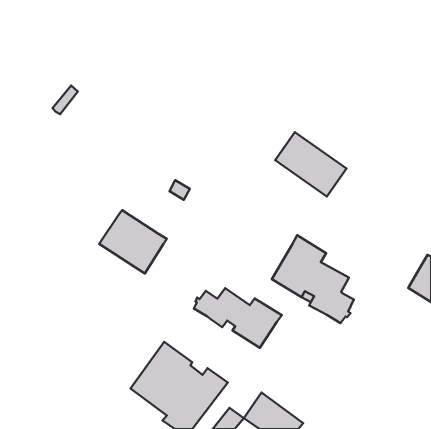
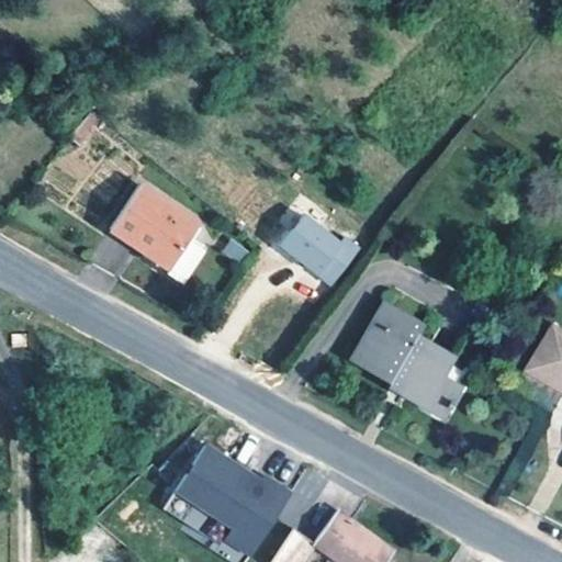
building: [275,132,346,196] -> [263,199,356,282]
building: [99,210,167,274] -> [110,188,198,270]
building: [194,288,282,348] -> none

